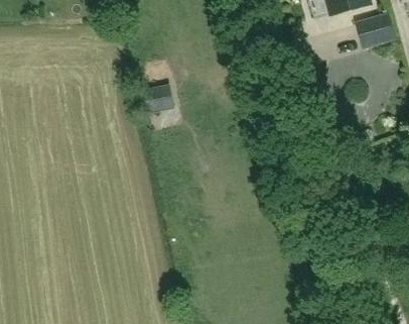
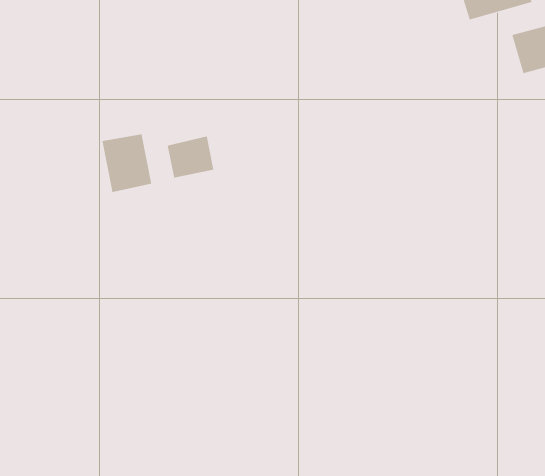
building: none -> [102,133,152,193]

